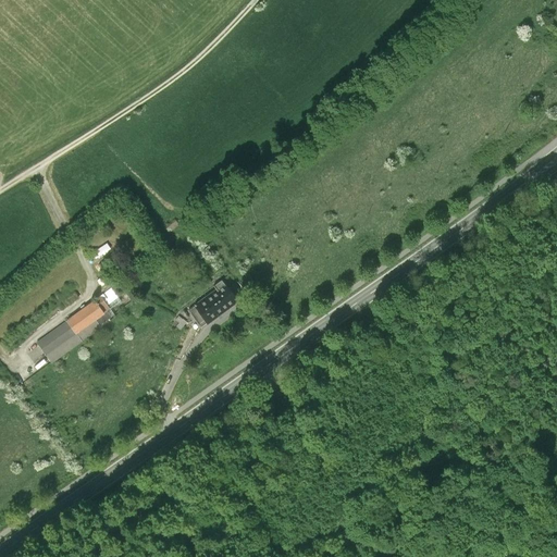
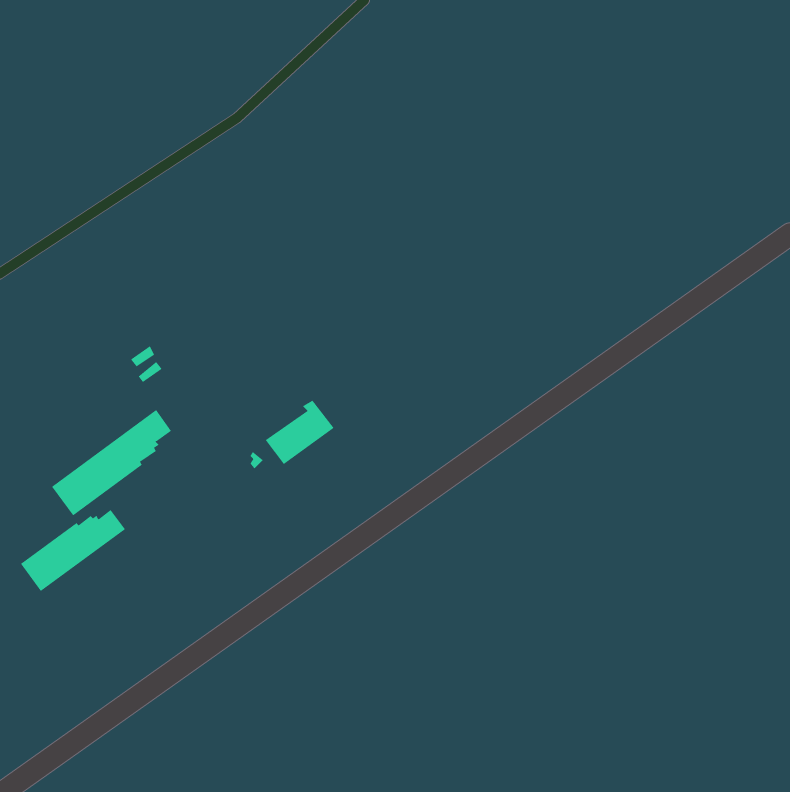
building: none -> [20,509,126,592]

